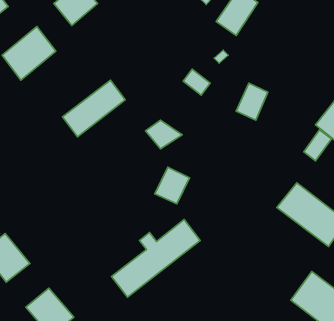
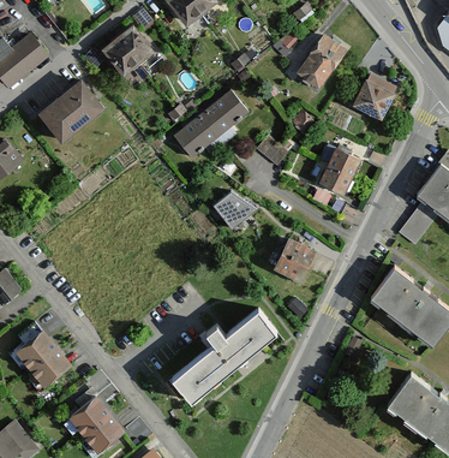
building: none -> [353,79,395,121]
building: [63,80,125,137] -> [174,90,250,159]
building: [155,167,190,204] -> [274,238,316,282]

